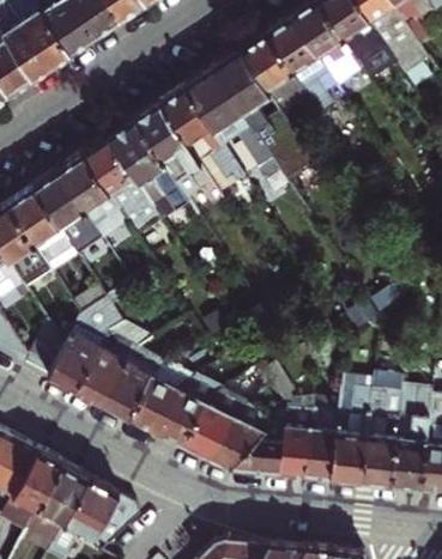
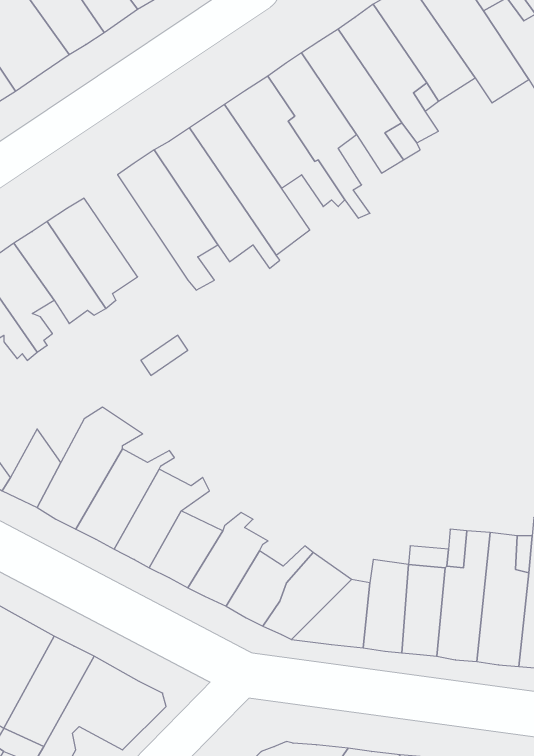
building: [81,134,156,225] -> none

